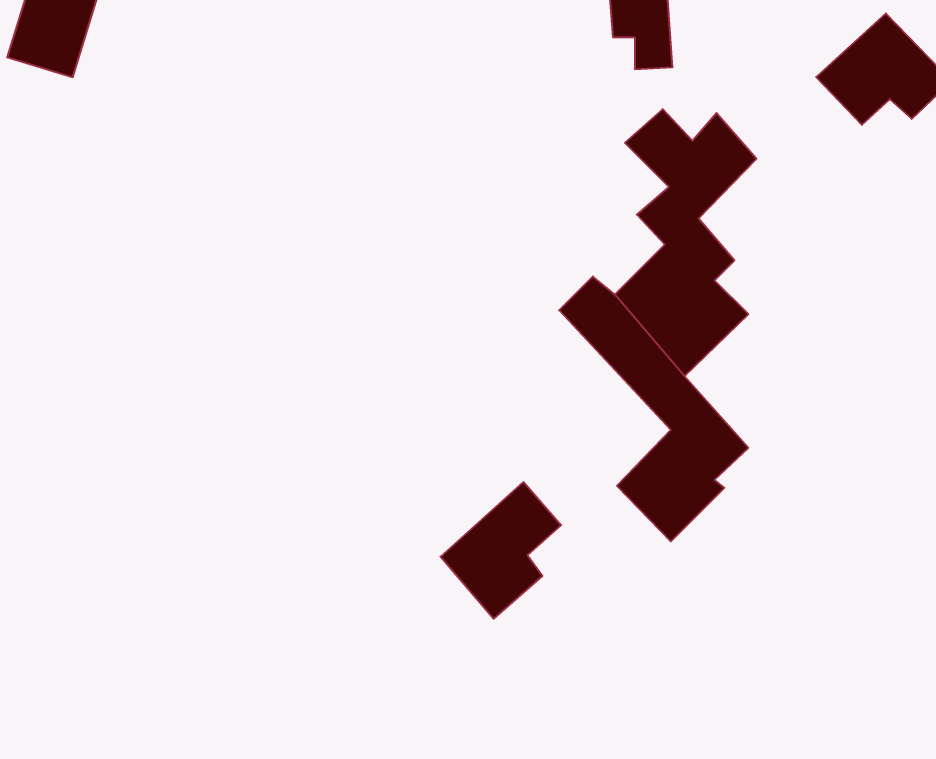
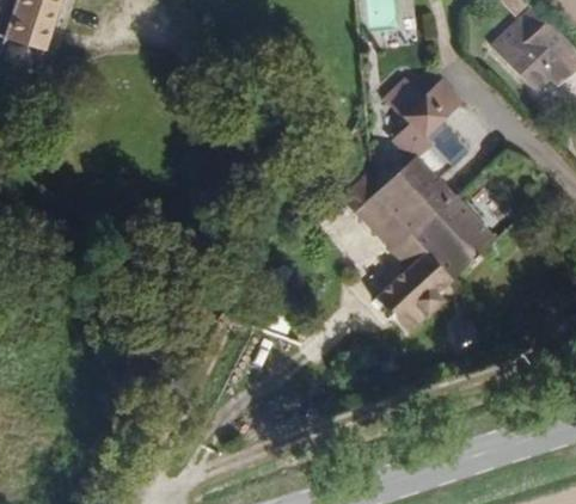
building: none -> [417,186,505,277]
building: [440,482,561,619] -> none

